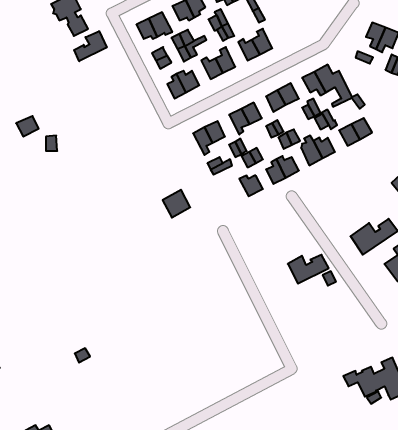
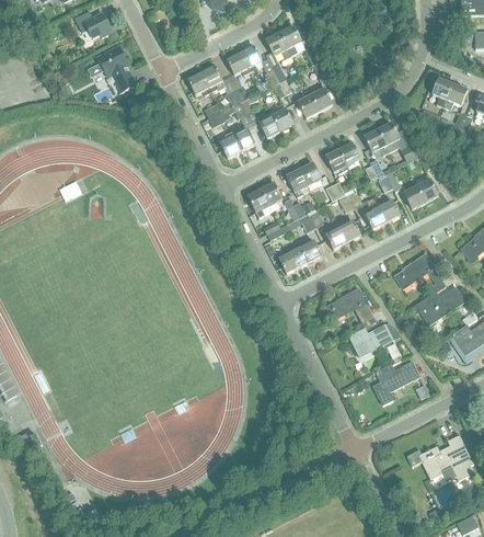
building: [74,31,107,61] -> none
building: none -> [394,253,445,292]
building: [163,190,190,218] -> [277,243,307,273]
building: none -> [325,287,374,325]
building: none -> [373,361,419,403]

